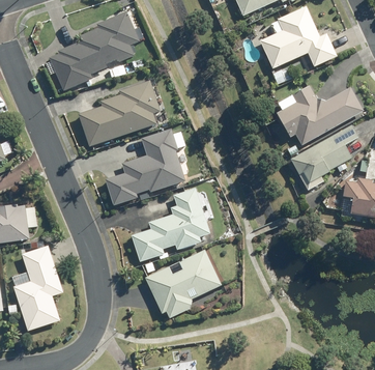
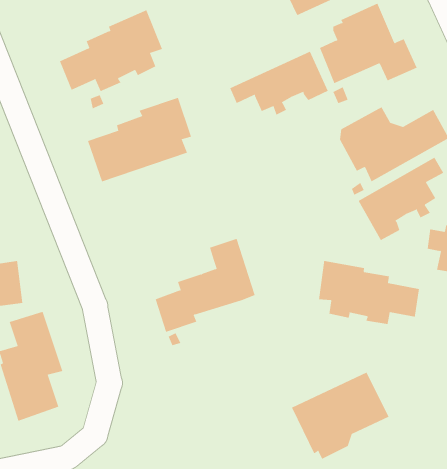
building: none -> [229,51,328,116]
building: [106,131,183,202] -> none
building: none -> [319,260,419,325]
building: [142,250,219,318] -> [291,372,390,459]

